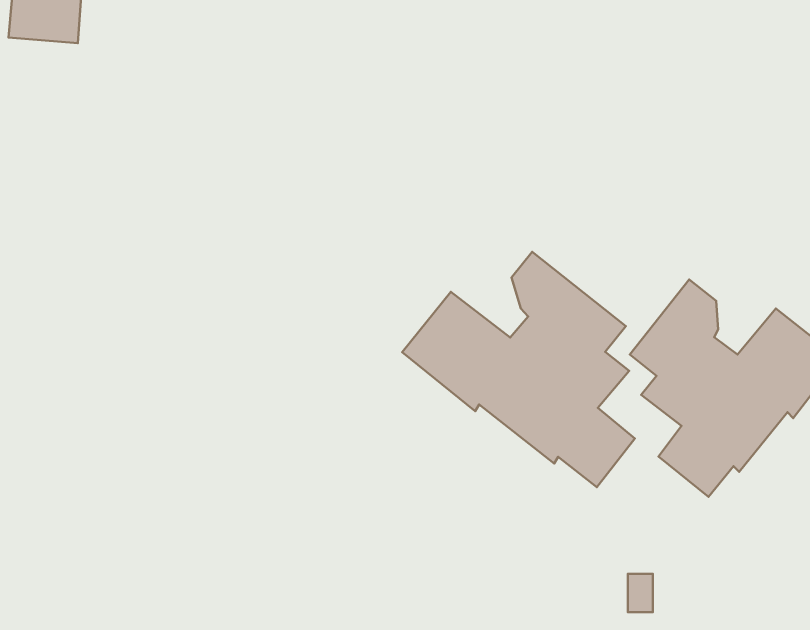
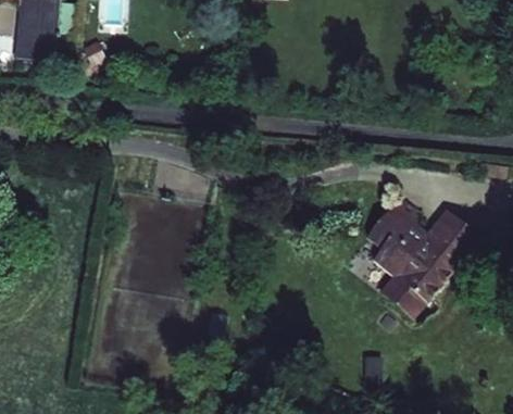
building: [402,252,635,487] -> none

